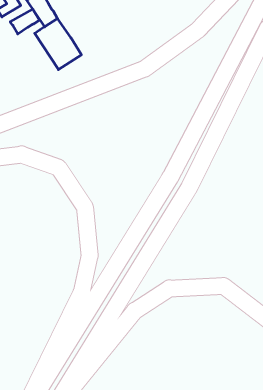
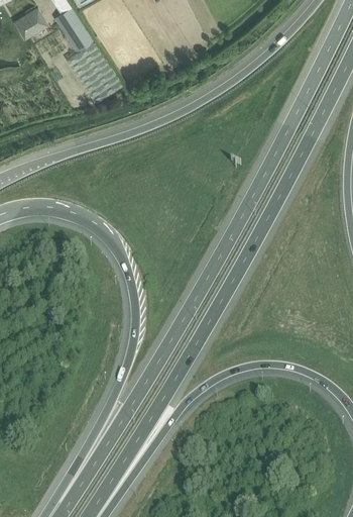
building: [10,9,39,34] -> none

